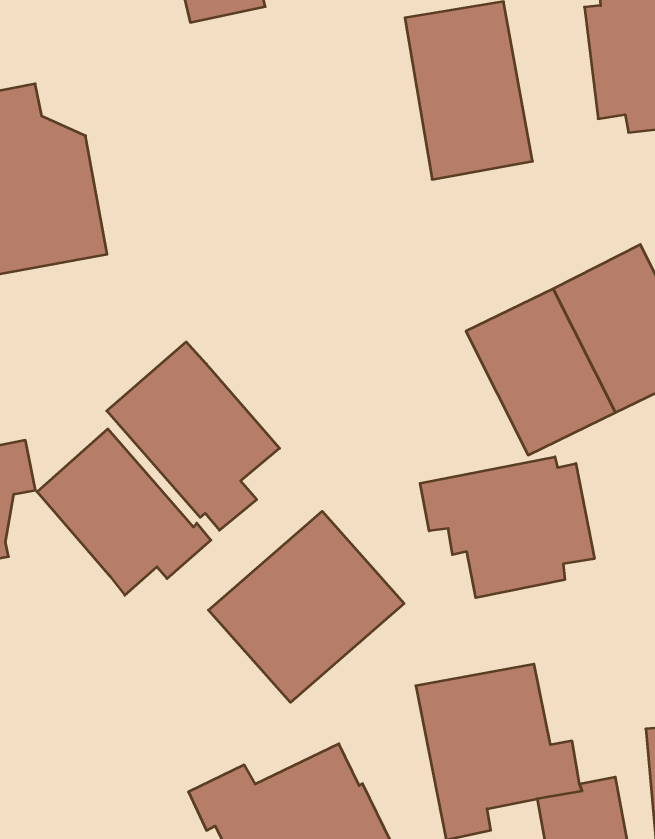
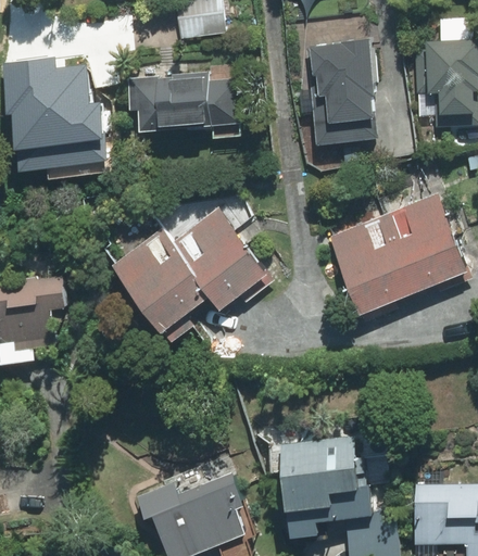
building: none -> [127,72,240,138]
building: [37,429,211,595] -> [172,208,273,308]
building: [420,457,594,598] -> none
building: [208,511,404,702] -> none

